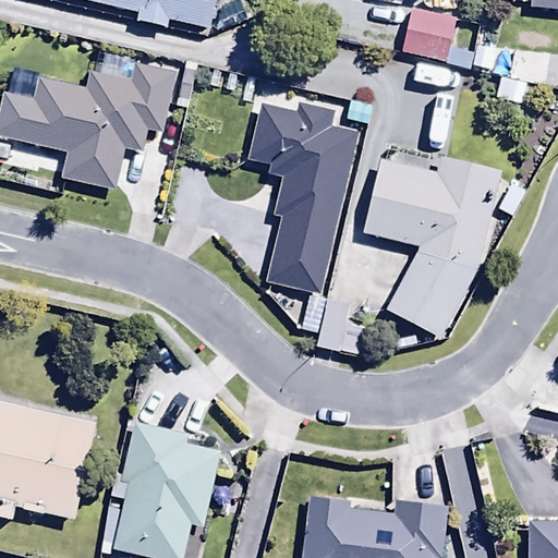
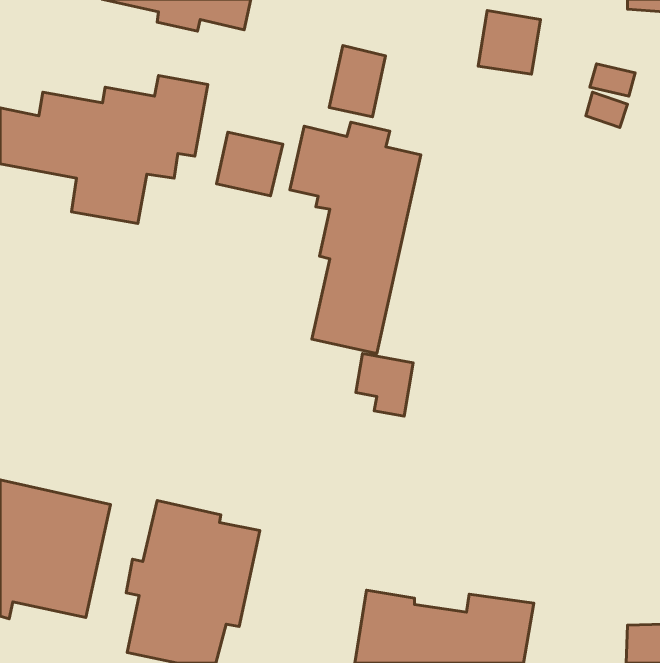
building: none -> [329,45,386,117]
building: none -> [217,132,283,196]
building: [360,159,496,337] -> none

